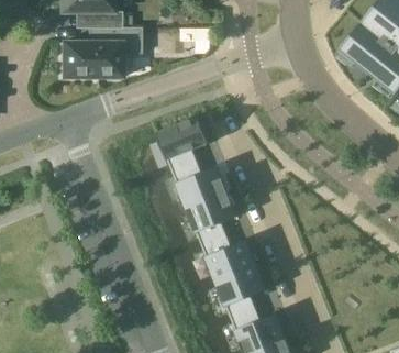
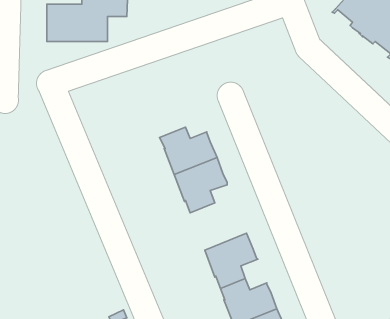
building: [156,117,208,170] -> none
building: [201,234,256,280] -> none

